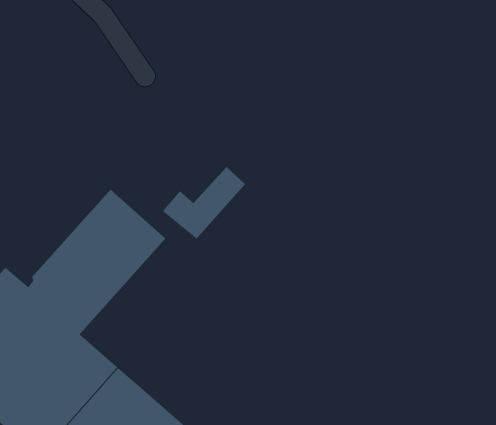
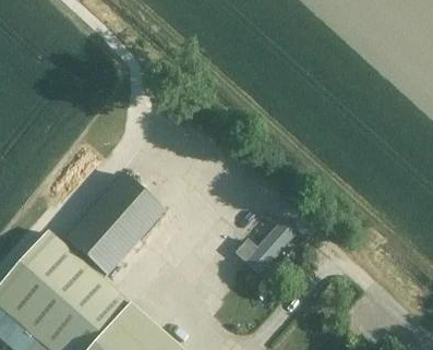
building: [162,166,246,240] -> [234,221,296,275]

